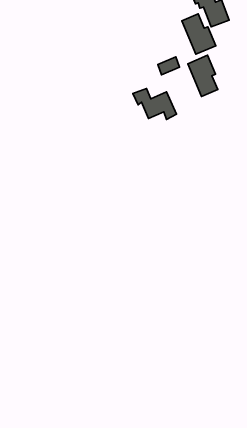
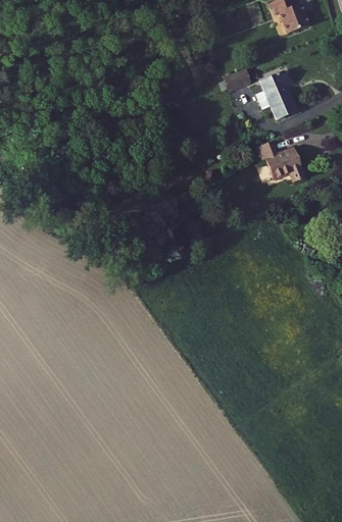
building: [182,14,216,54] -> none
building: [133,89,177,119] -> [254,146,306,182]

